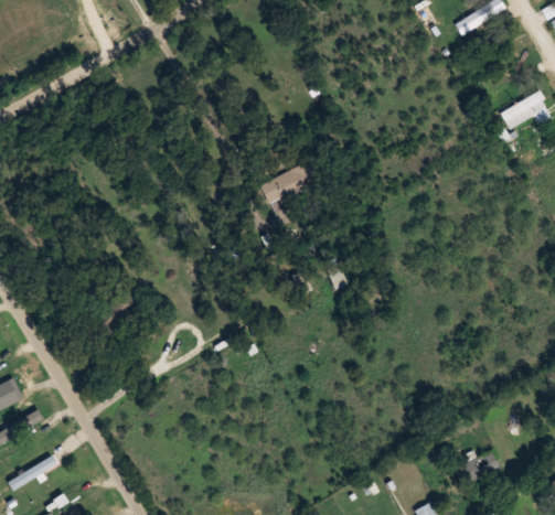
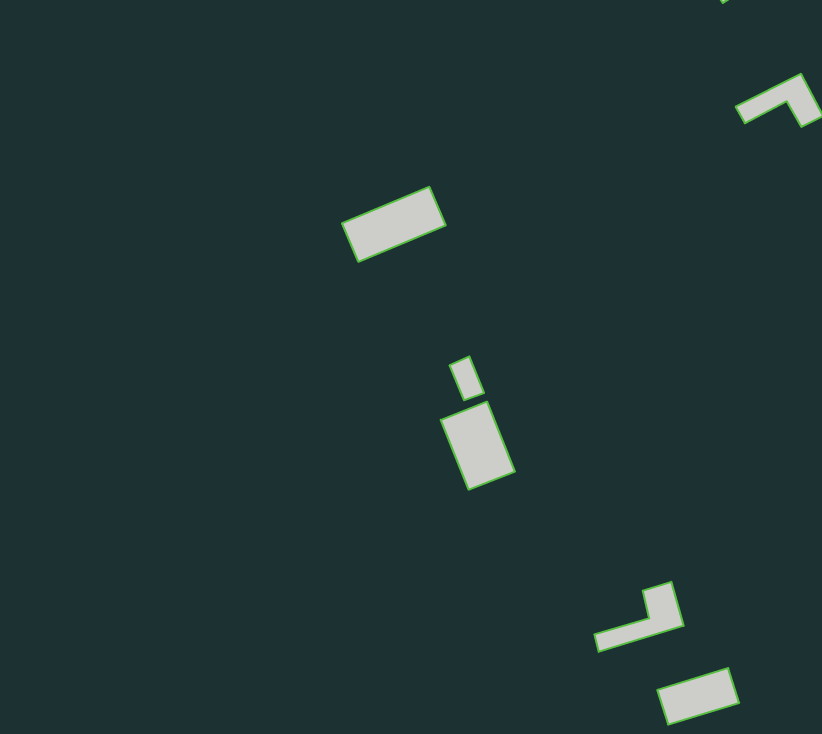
building: none -> [441,402,515,490]
building: none -> [594,582,684,652]

